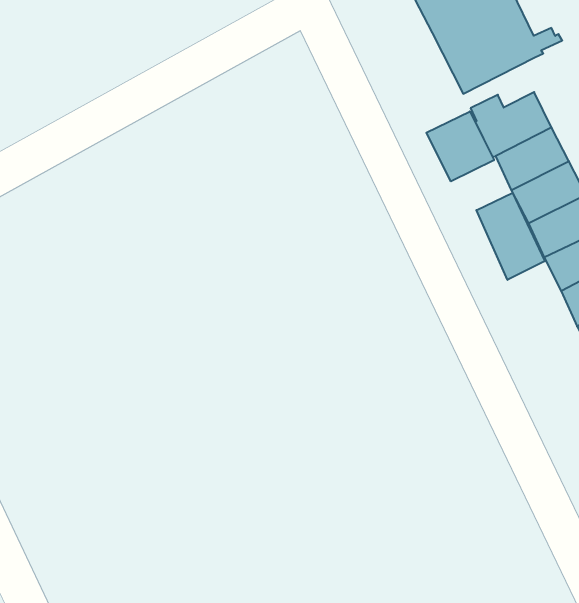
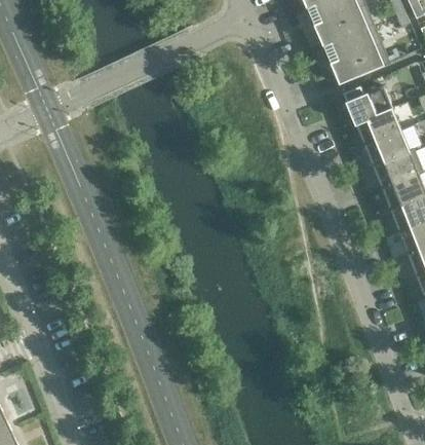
building: [426,111,494,181] -> none
building: [476,193,545,280] -> none

